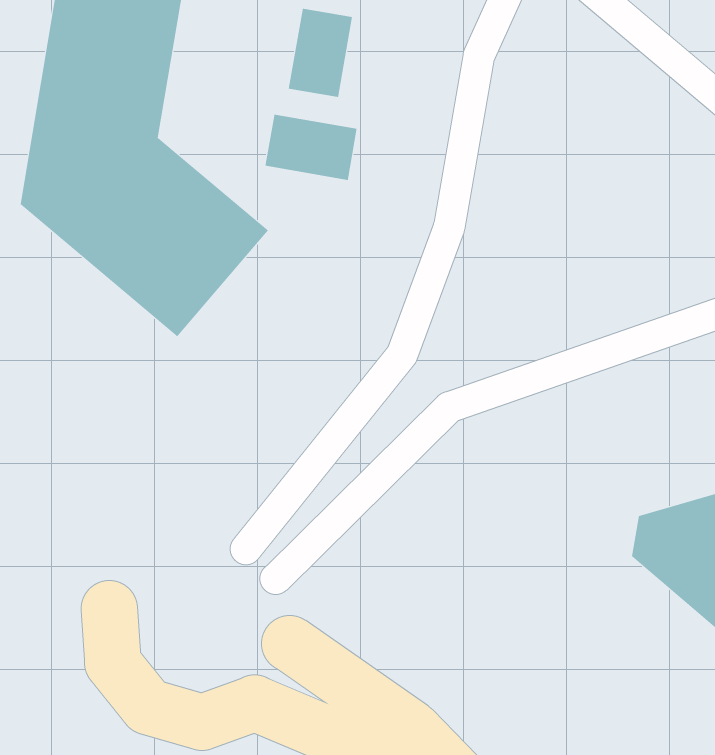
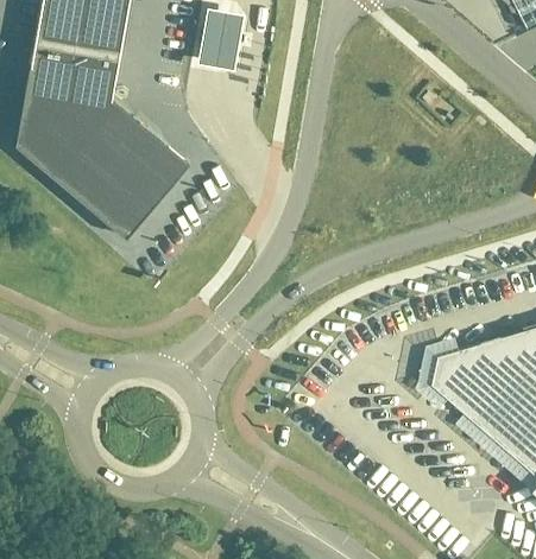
building: [265,114,357,181] -> none

